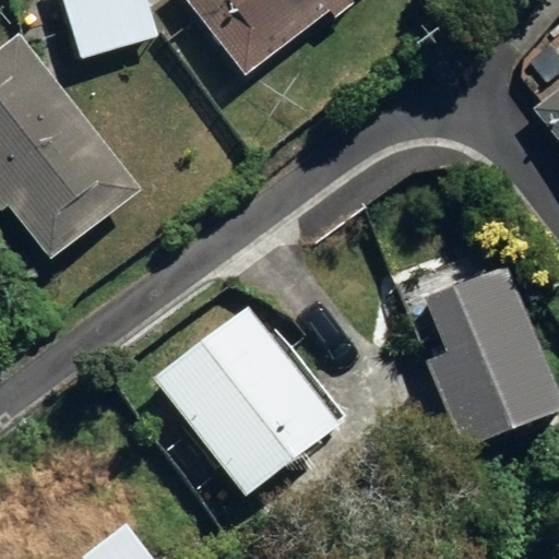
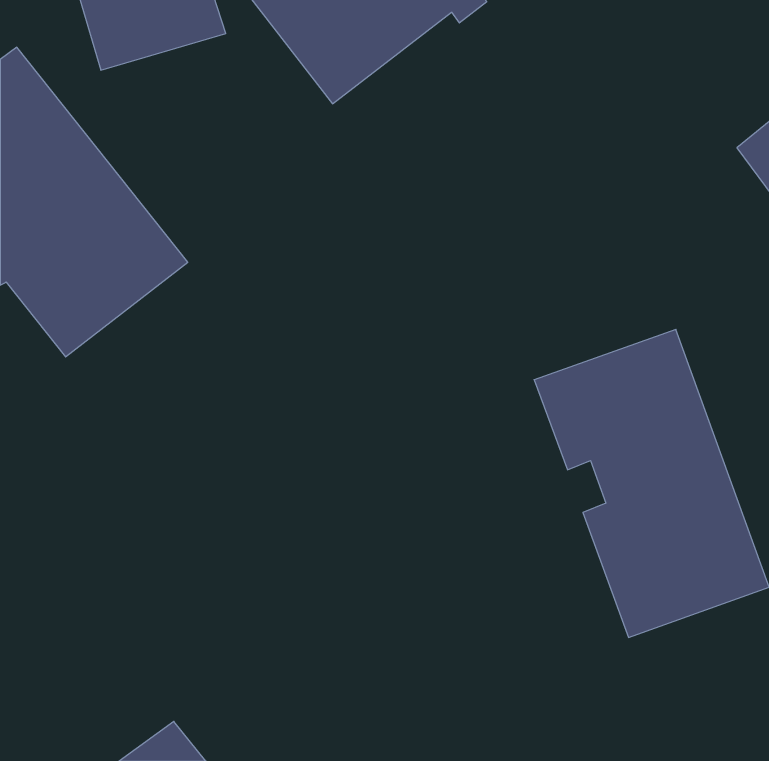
building: [147,304,337,503] -> none

